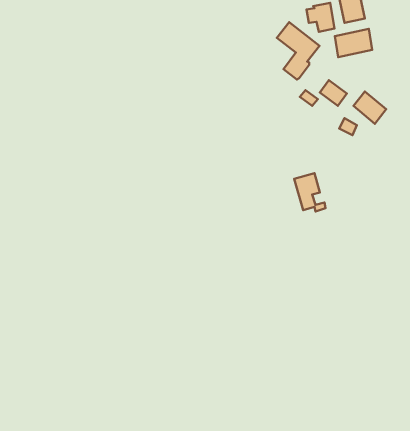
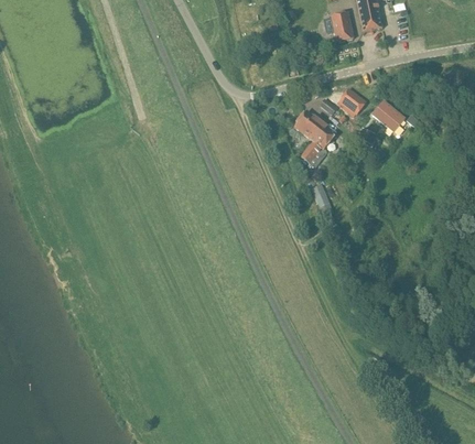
building: [277,22,319,79] -> [293,110,335,166]
building: [335,29,372,57] -> none

